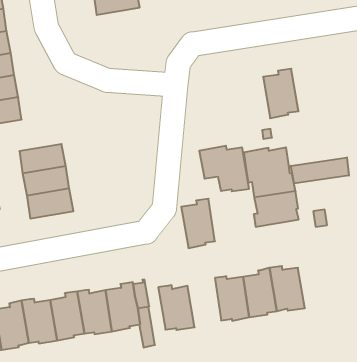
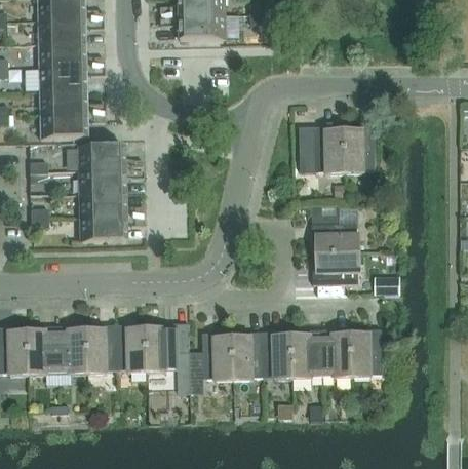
building: none -> [77,145,123,169]
building: [199,146,249,191] -> [299,125,345,173]
building: [291,157,349,184] -> none
building: [181,199,215,248] -> [233,331,263,380]
building: none -> [351,328,383,377]

